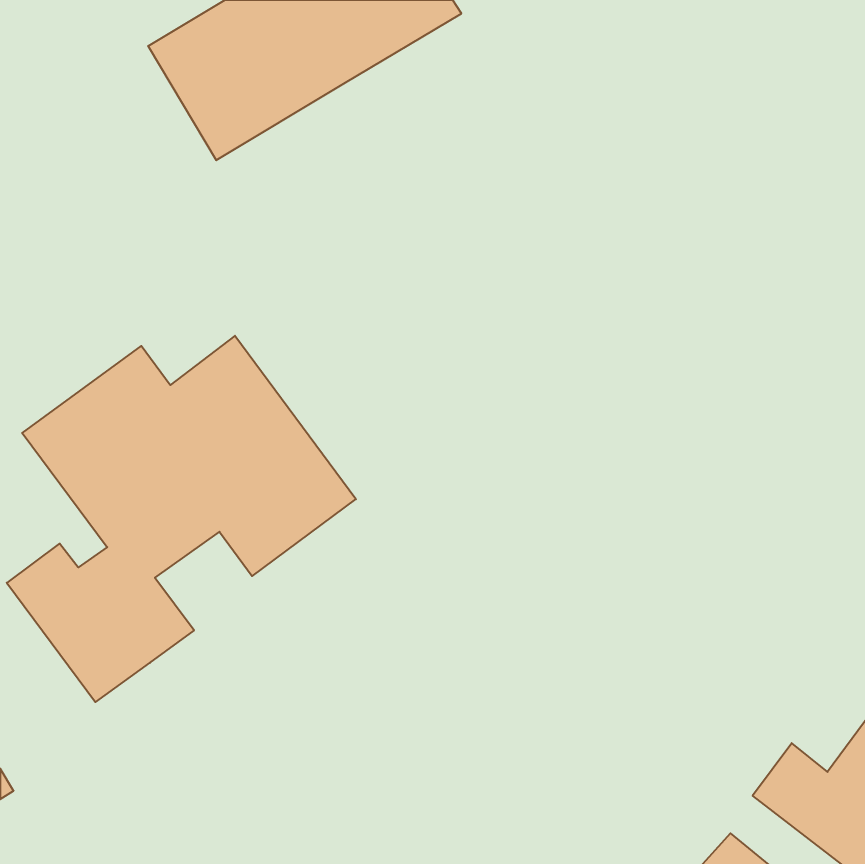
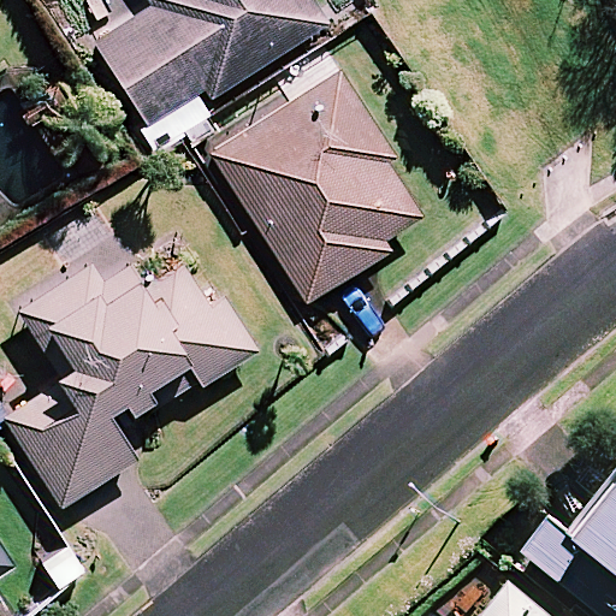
building: none -> [212,73,409,297]

